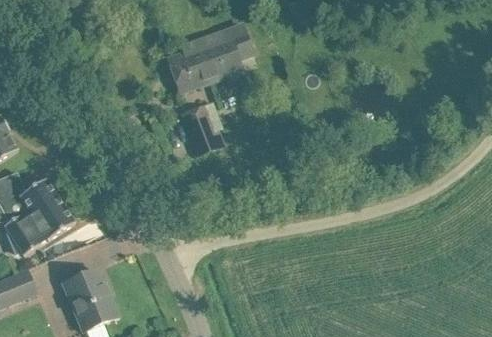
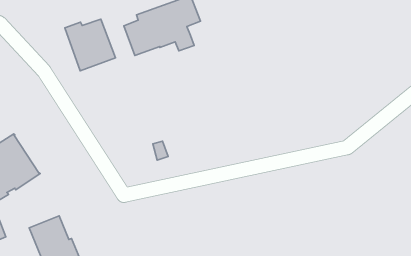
building: none -> [65,19,116,71]
building: [182,101,223,154] -> none

